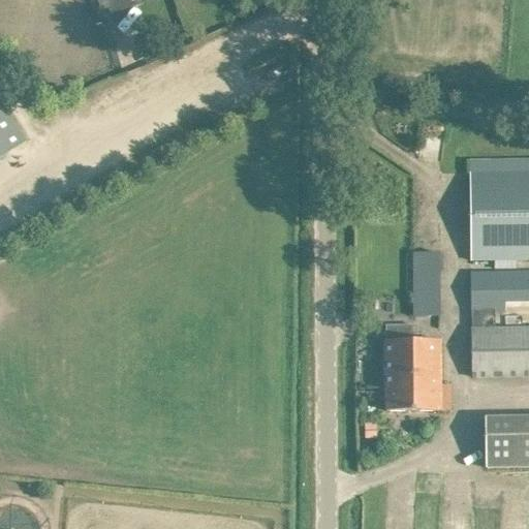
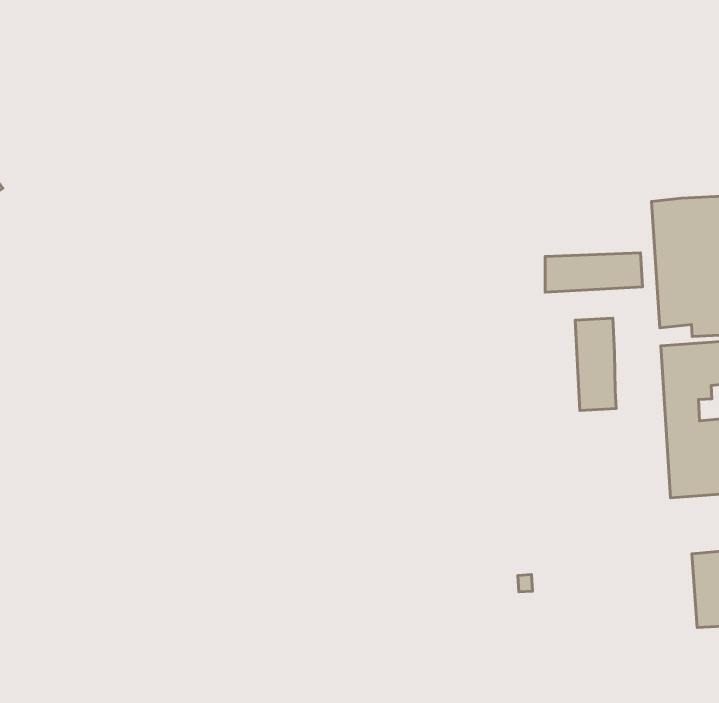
building: none -> [545,253,642,292]
building: [385,338,440,409] -> none

